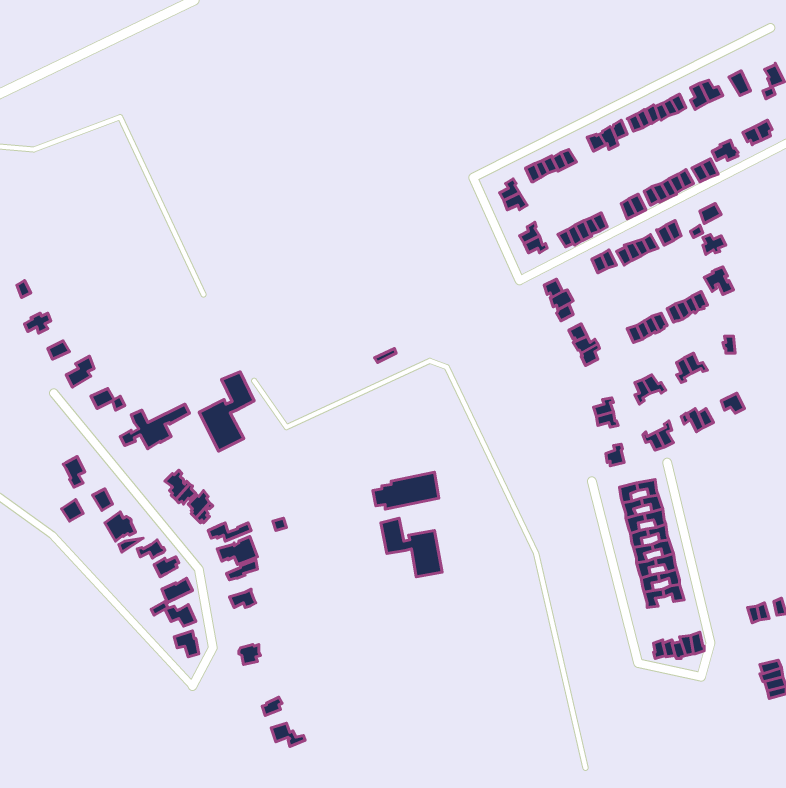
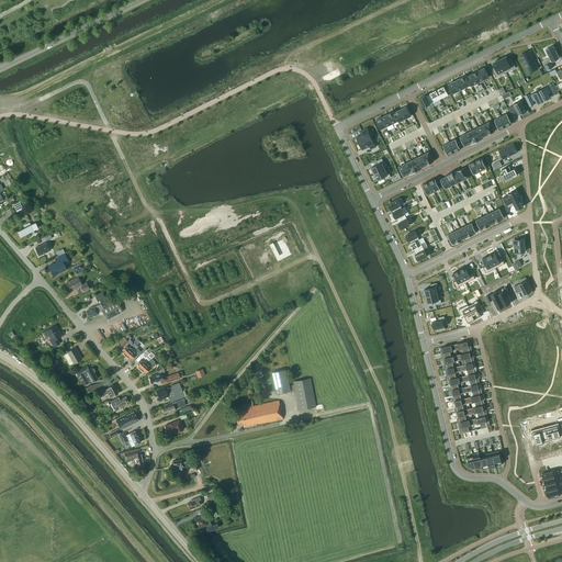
building: [199,372,254,451] -> none
building: [373,472,439,509] -> [234,401,281,427]

